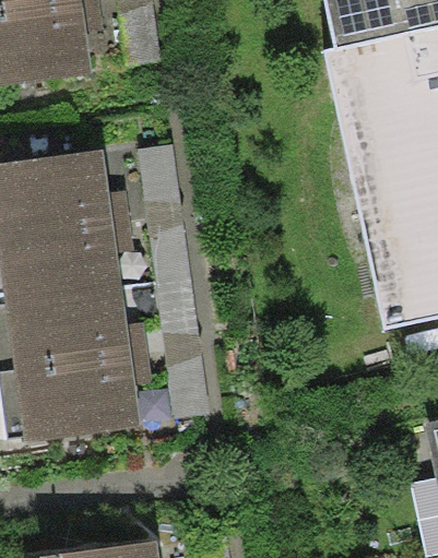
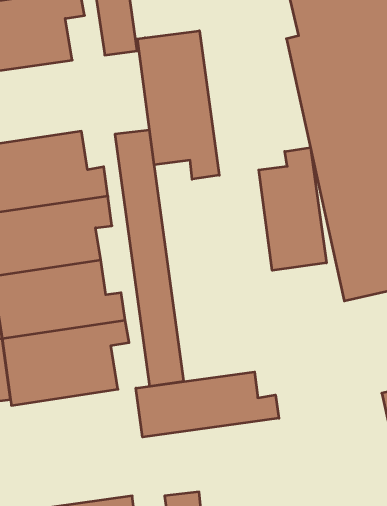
building: none -> [137,31,219,179]
building: none -> [259,148,326,270]
building: none -> [136,372,279,437]

